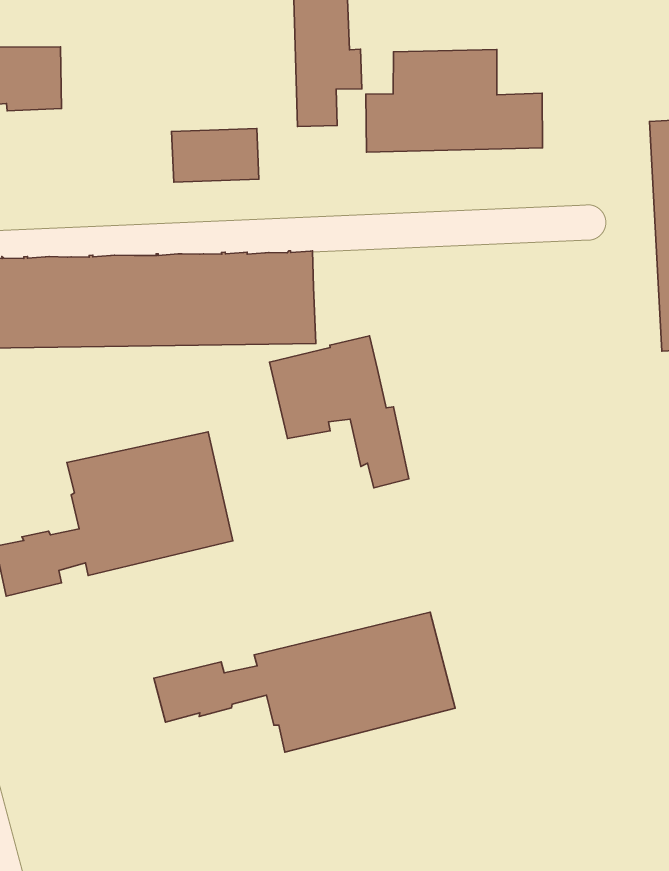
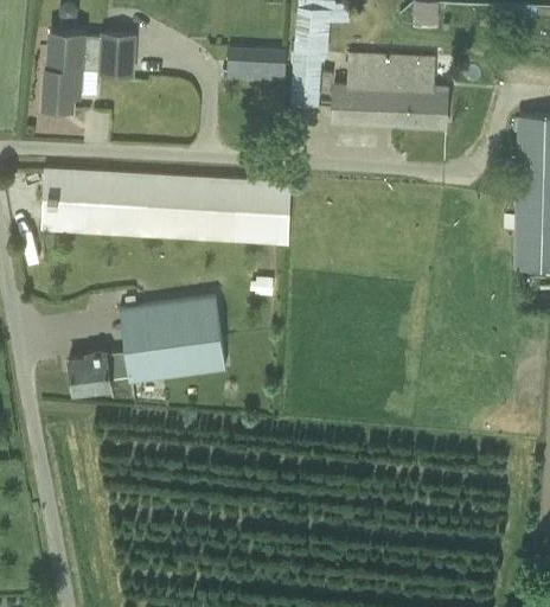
building: [172,128,259,182] -> [230,46,287,82]
building: [270,336,409,488] -> none
building: [154,612,455,752] -> none

